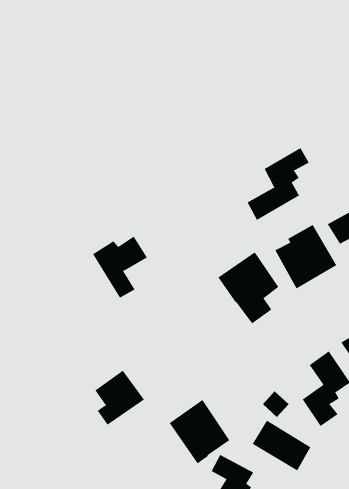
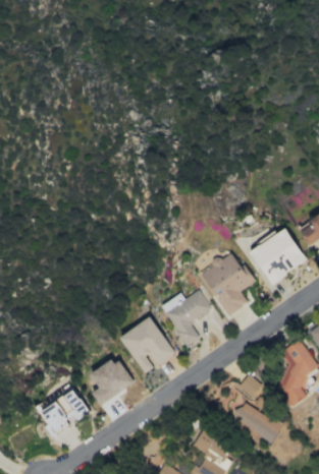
building: [247,147,309,221] -> none
building: [92,236,148,298] -> [161,290,211,346]
building: none -> [36,380,87,435]
building: [169,399,230,464] -> [119,316,174,374]

